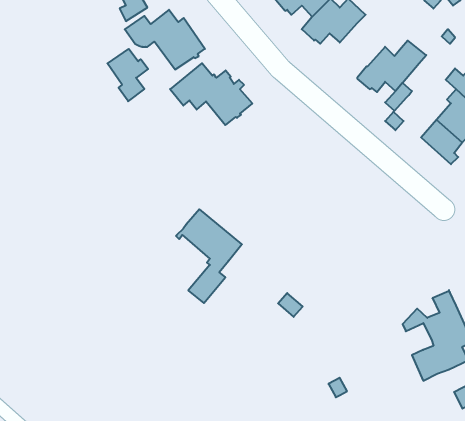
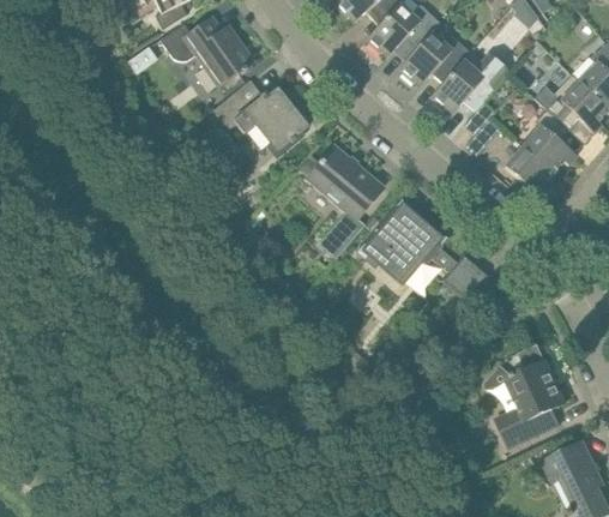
building: none -> [399,31,471,84]
building: [107,49,148,101] -> none
building: none -> [362,200,487,297]
building: [176,209,242,303] -> [307,145,384,254]

